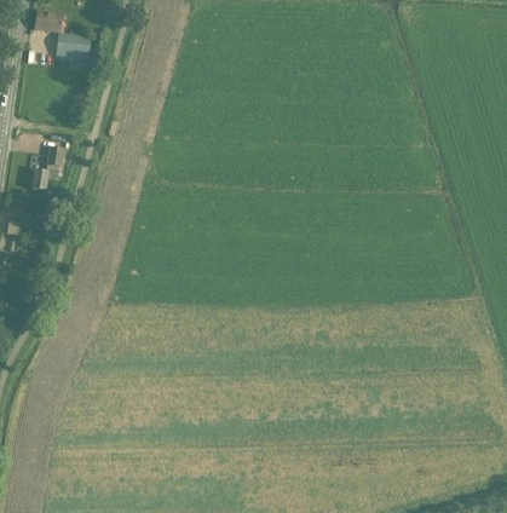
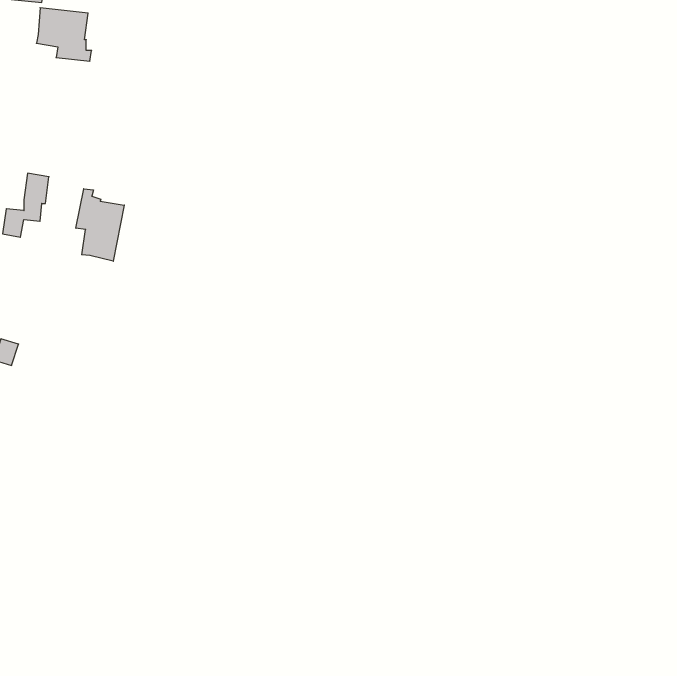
building: none -> [76,189,124,261]

